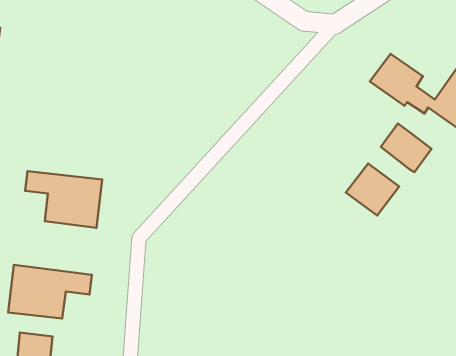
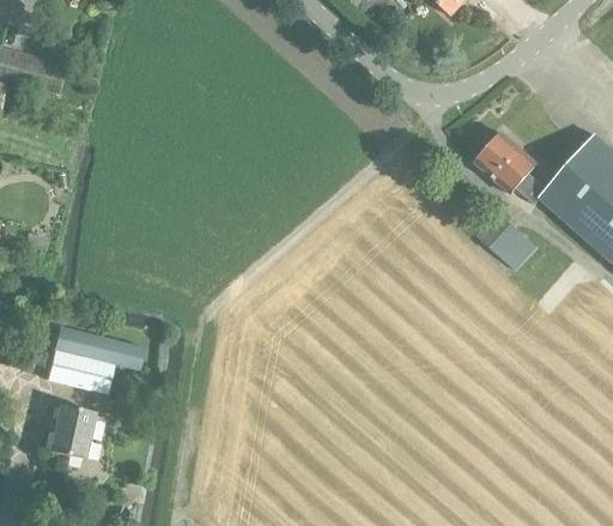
building: [346,164,399,216] -> none
building: [25,171,102,228] -> none

